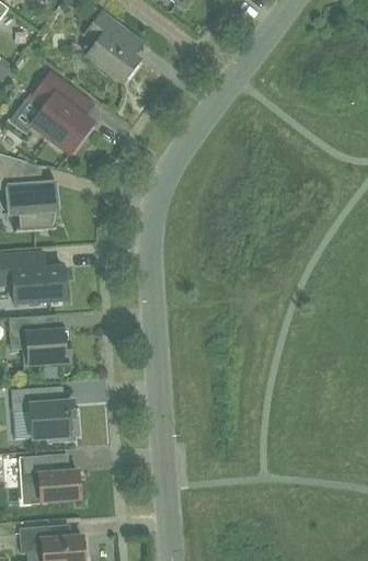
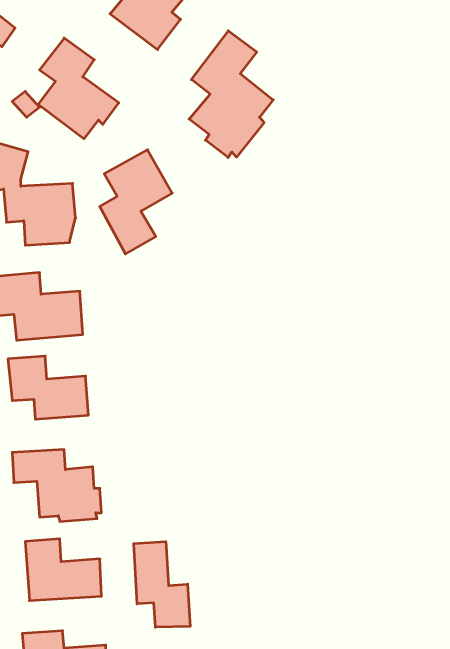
building: none -> [189,31,273,158]
building: none -> [100,150,172,254]
building: none -> [134,542,190,627]

